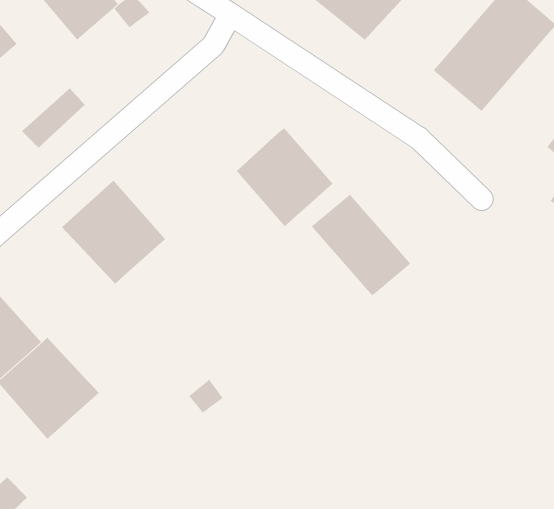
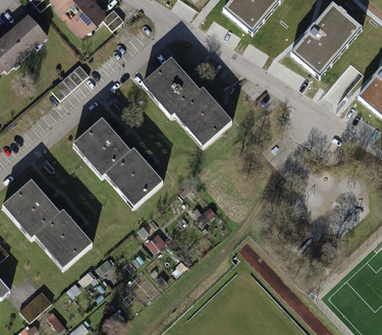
building: none -> [142,57,199,115]
building: [311,194,411,296] -> none
building: none -> [107,149,166,208]

